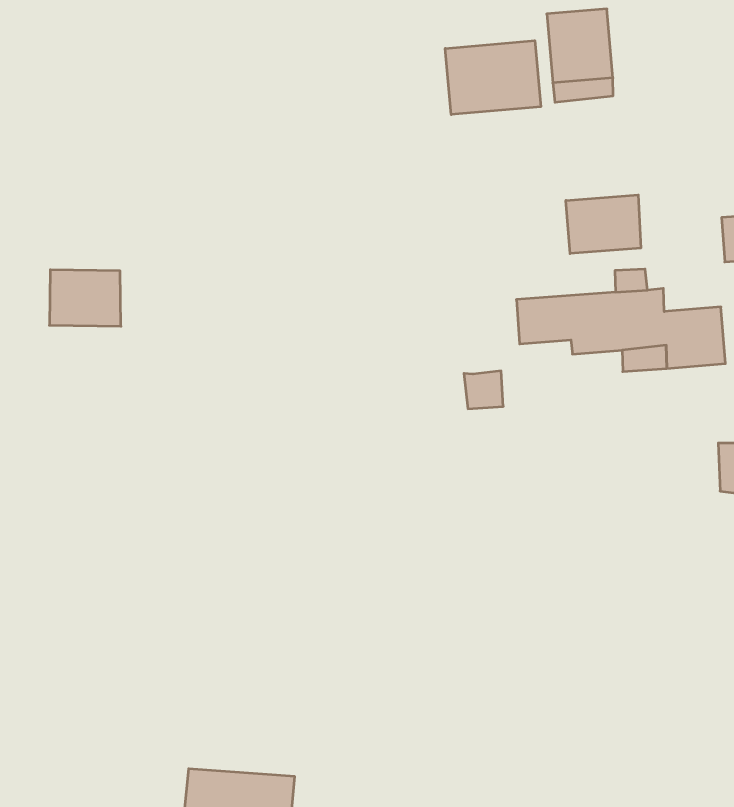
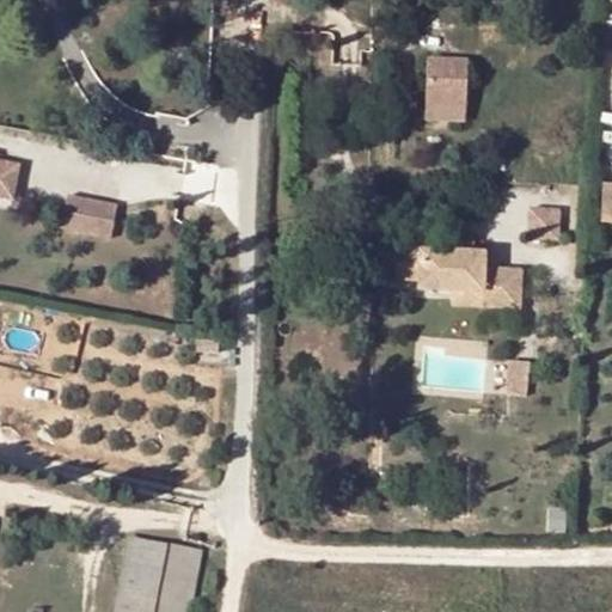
building: [445,41,541,115] -> none
building: [566,195,641,254] -> none

